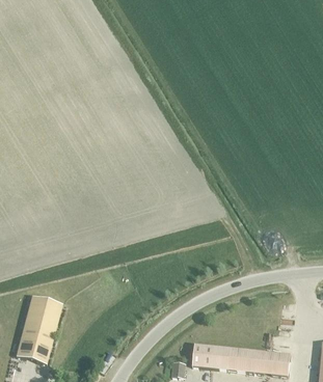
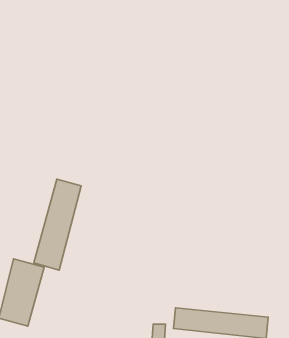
building: none -> [34,179,81,270]

